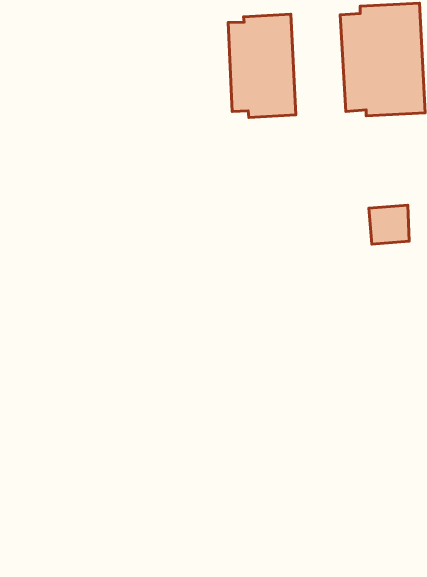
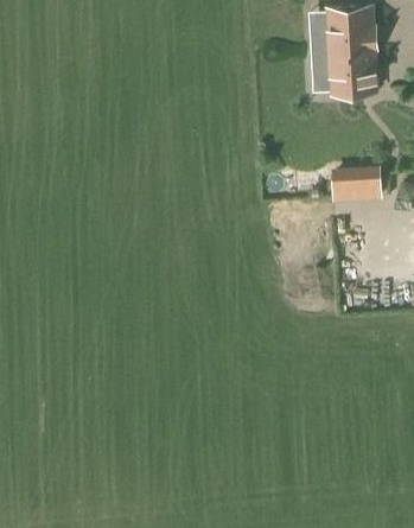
building: [228,14,296,117] -> none

